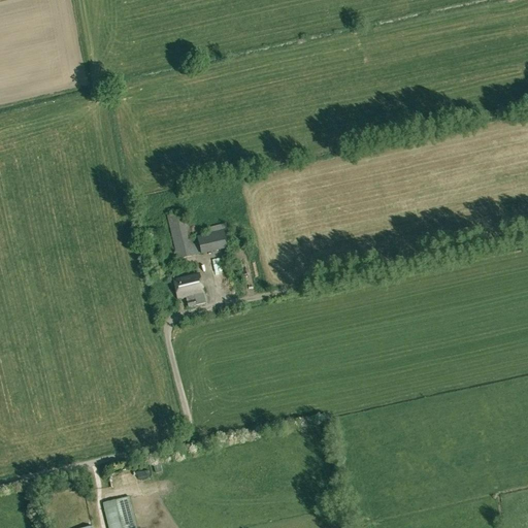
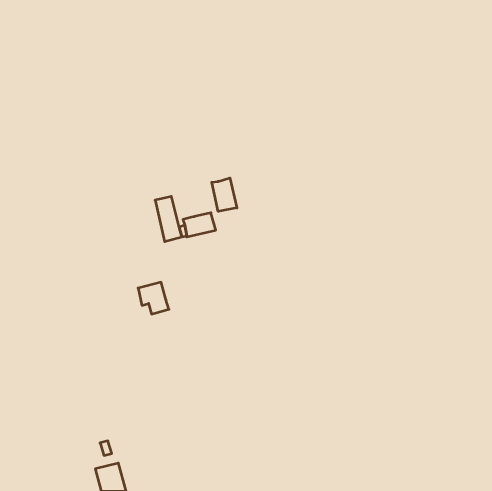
building: none -> [212,178,237,211]
building: [173,273,206,307] -> [138,282,169,314]

